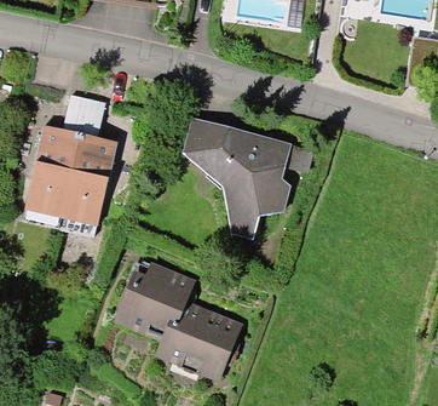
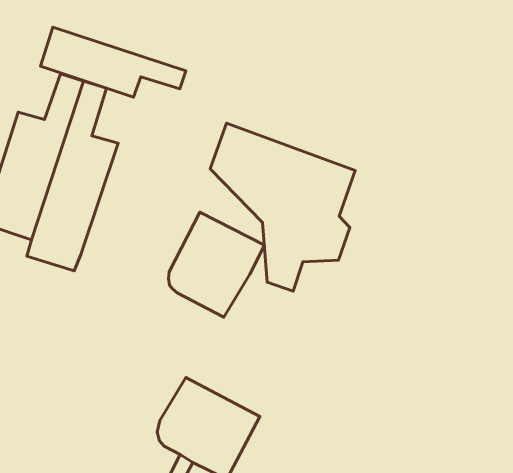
building: none -> [40,27,186,97]
building: [122,263,189,337] -> [168,212,264,317]

